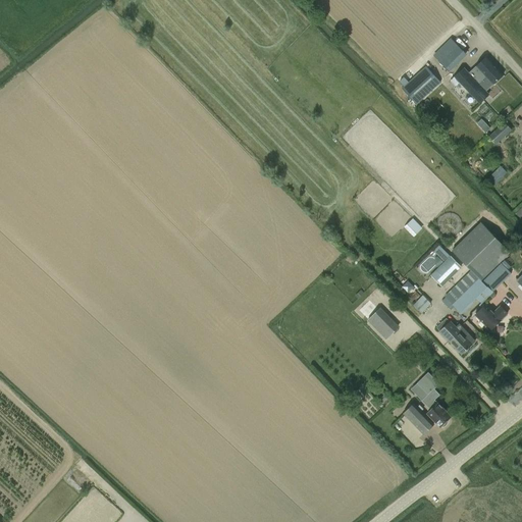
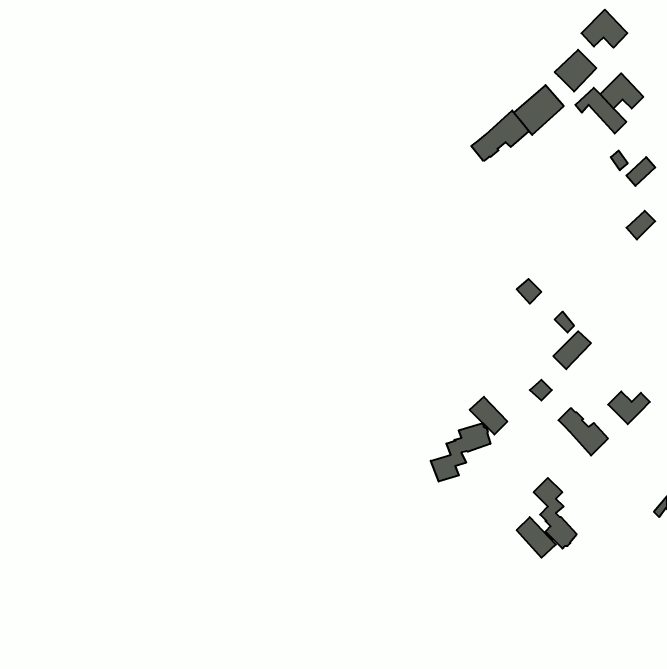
building: none -> [581,10,627,48]
building: none -> [471,110,529,161]
building: [443,222,511,315] -> none
building: none -> [431,423,490,482]

